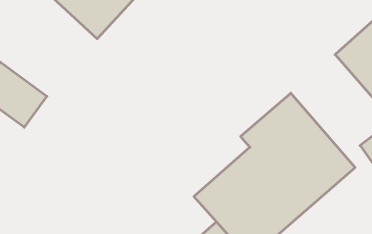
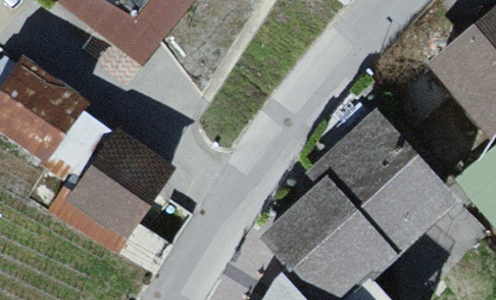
building: none -> [76,137,173,238]

